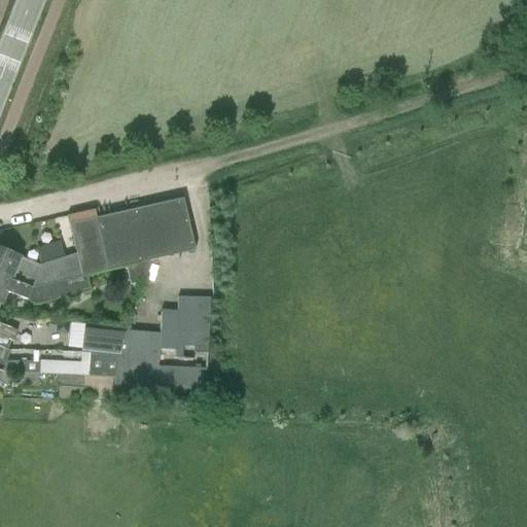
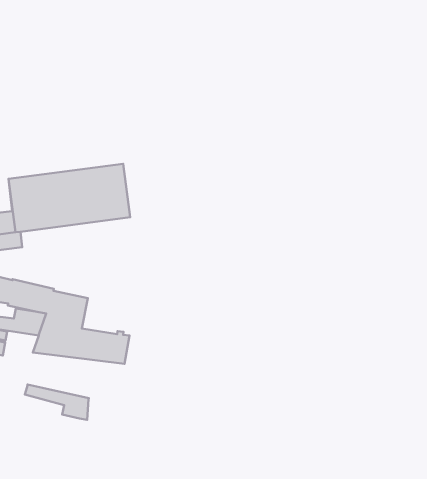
building: [174,294,210,355] -> none
building: none -> [25,384,89,420]

